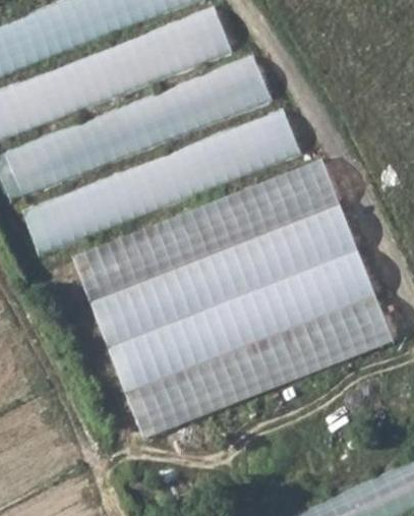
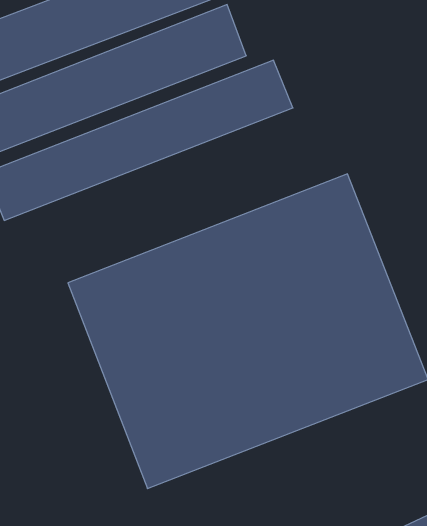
building: [24,107,302,253] -> none

